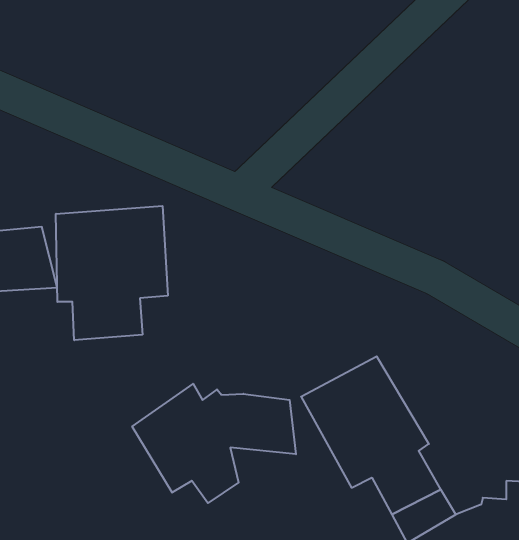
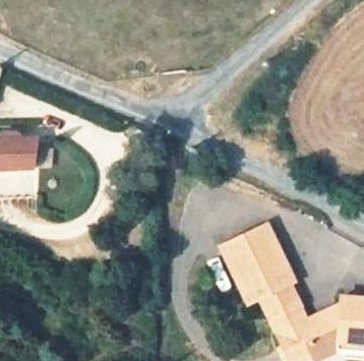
building: [56,206,168,340] -> none
building: [132,384,296,503] -> none

